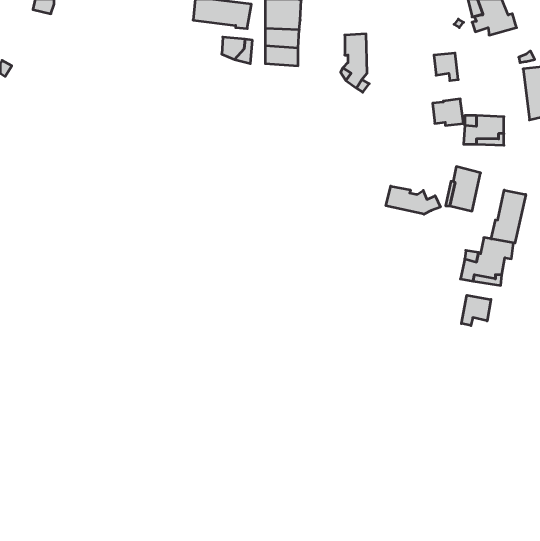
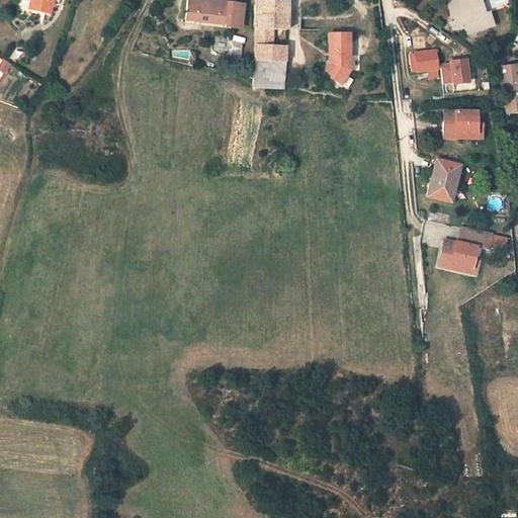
building: none -> [255,61,286,89]
building: [433,99,463,125] -> [442,58,471,83]
building: [386,186,440,214] -> none
building: [491,190,526,243] -> none
building: [461,295,491,326] -> none

